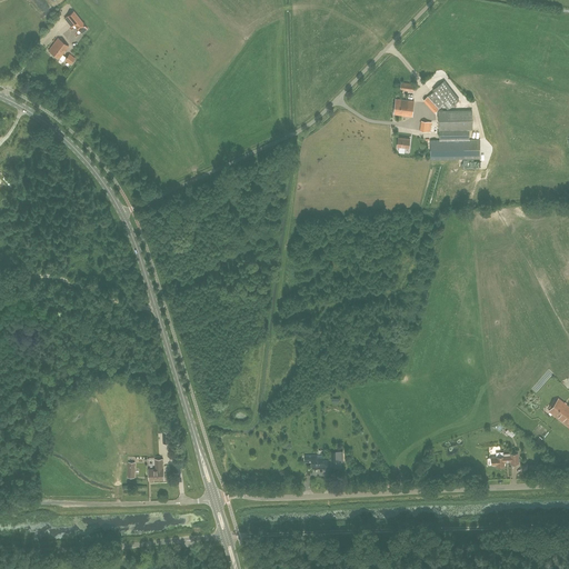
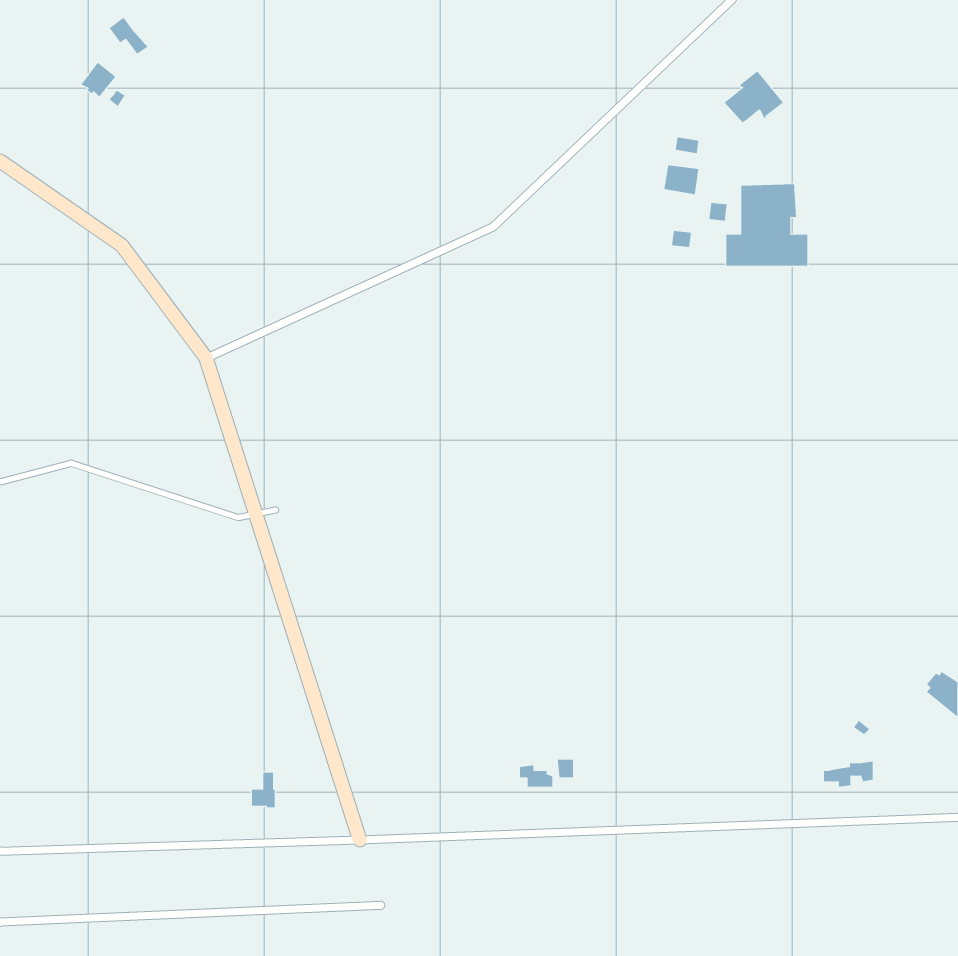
building: [423,80,459,111] -> [724,71,784,123]

